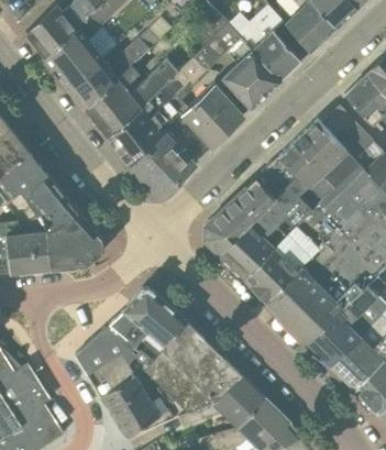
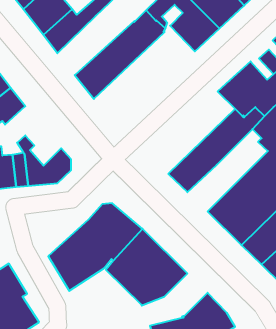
building: [86,58,178,136] -> none
building: [130,85,243,197] -> none
building: [203,156,299,255] -> none
building: [23,174,90,245] -> none
building: [242,201,339,300] -> none
building: [100,373,161,437] -> none
building: [178,375,266,428] -> none

